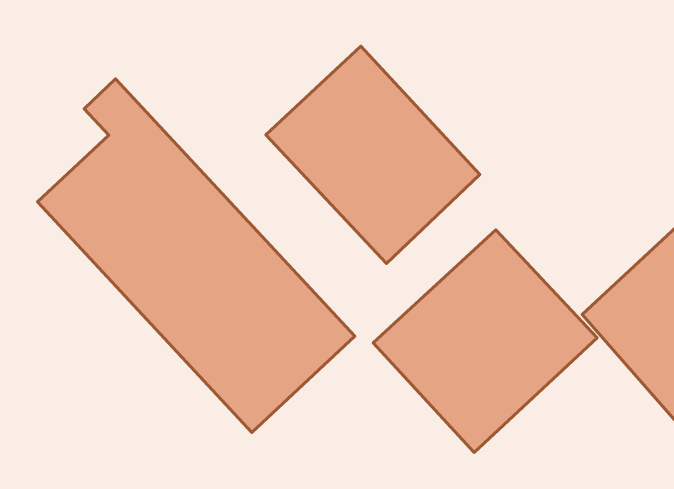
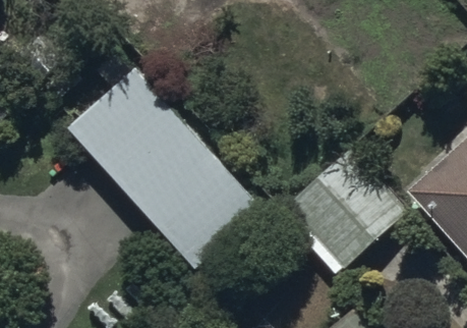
building: [266,46,480,263] -> none

